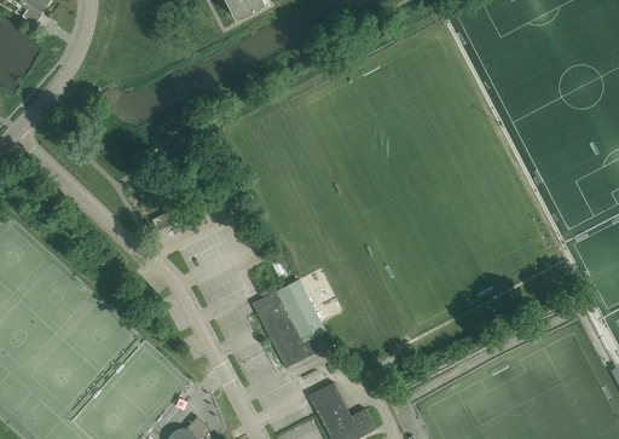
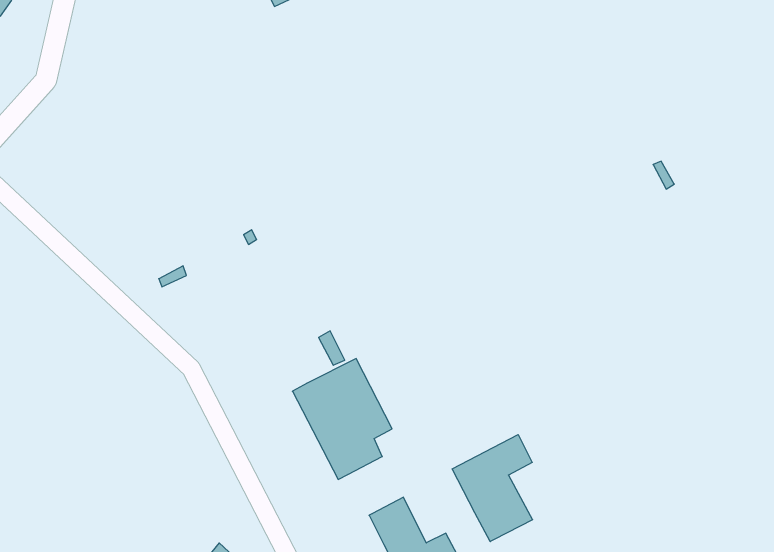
building: none -> [452,435,533,542]

